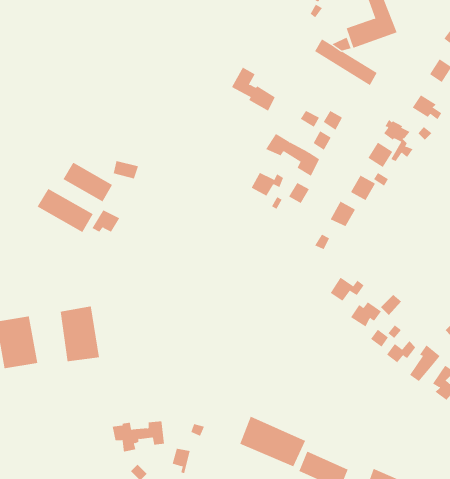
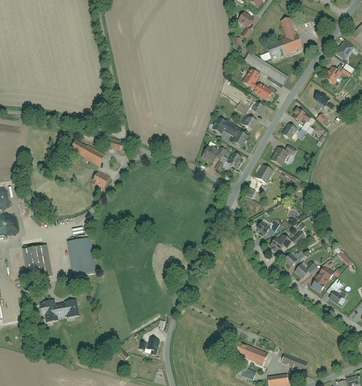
building: [231,67,276,112] -> [242,69,273,100]
building: [37,188,93,233] -> none
building: [239,416,306,467] -> none
building: [112,421,165,452] -> [40,299,77,321]

